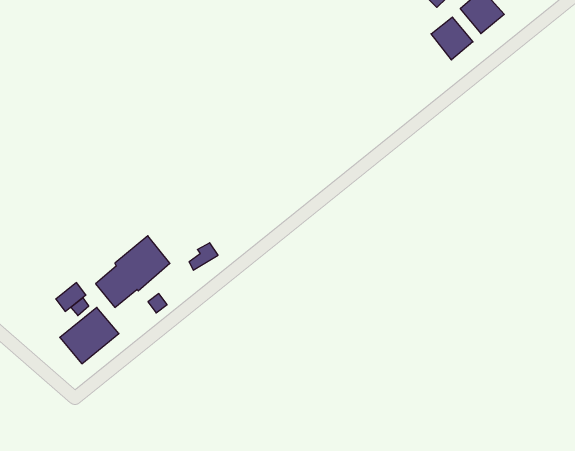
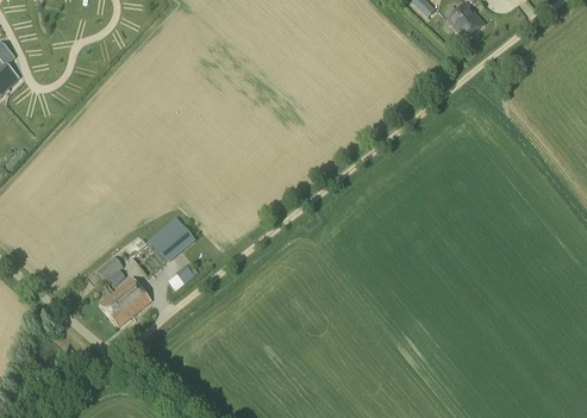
building: [431,17,473,60] -> none

